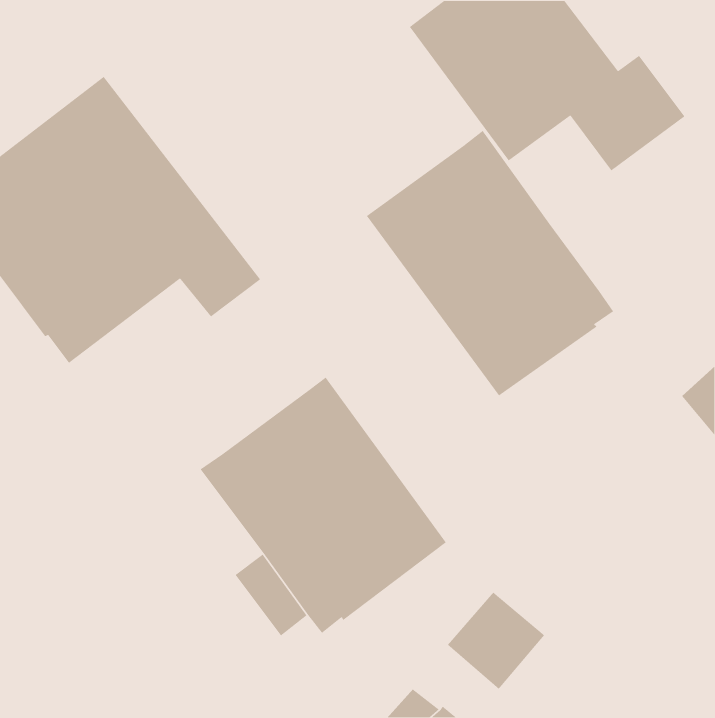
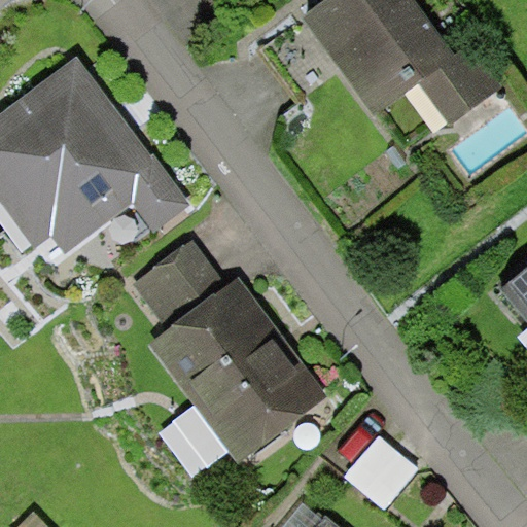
building: [366,130,614,396] -> none
building: none -> [128,239,226,332]

